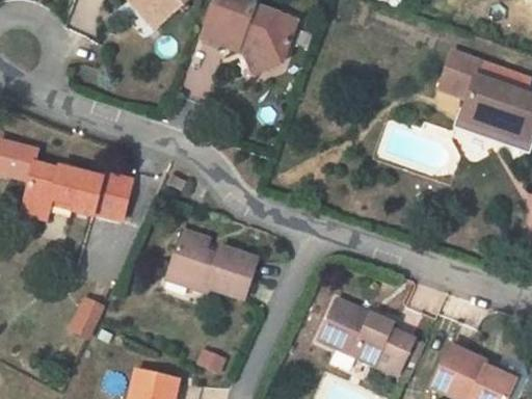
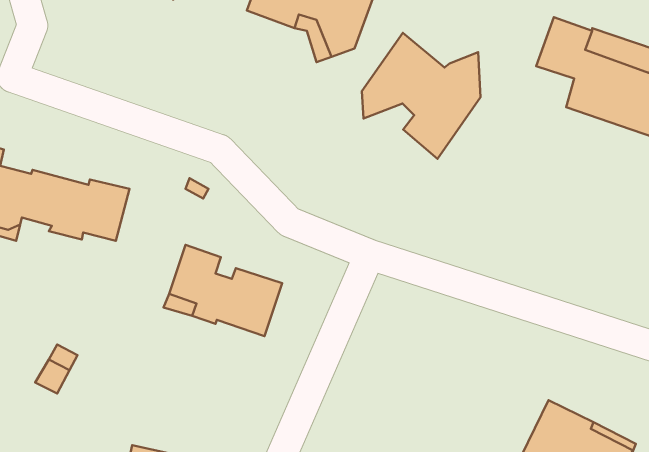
building: none -> [362,33,480,159]
building: [322,297,416,372] -> none

